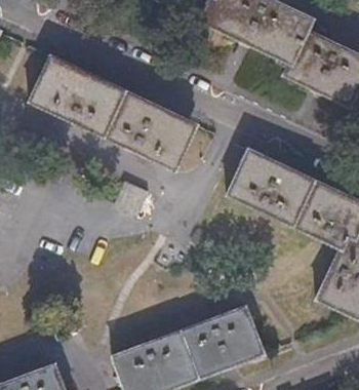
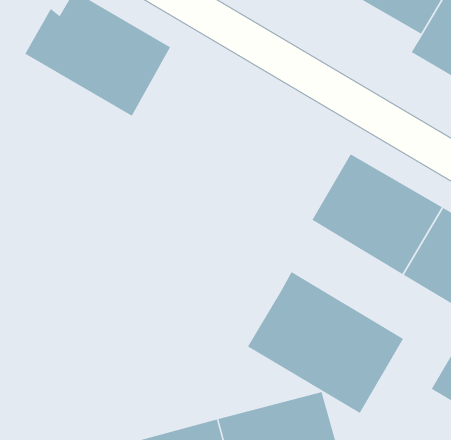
building: [104,87,192,169] -> none
building: none -> [247,271,404,414]

